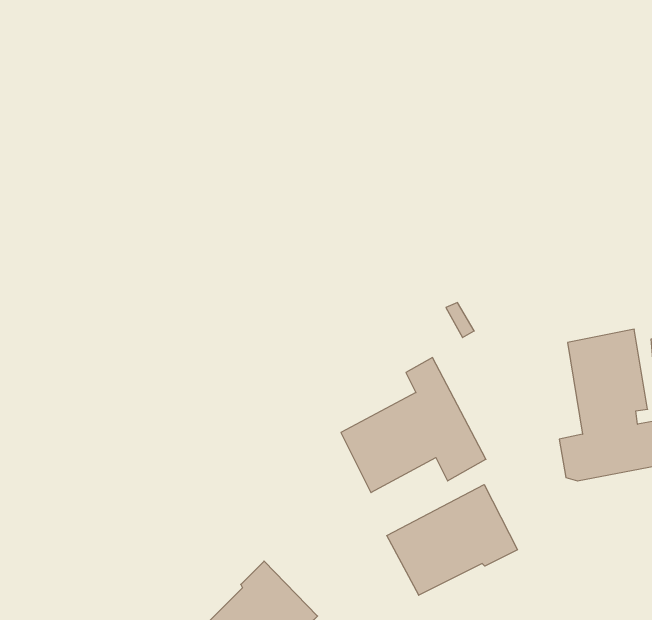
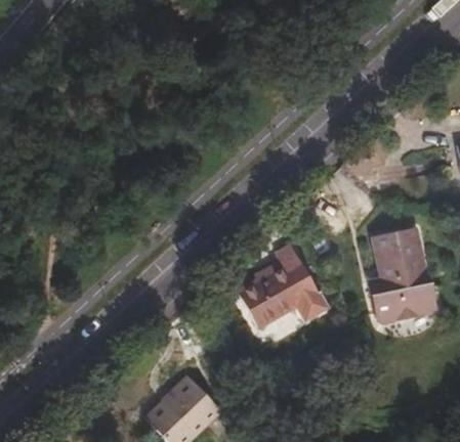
building: [387,485,517,595] -> none

